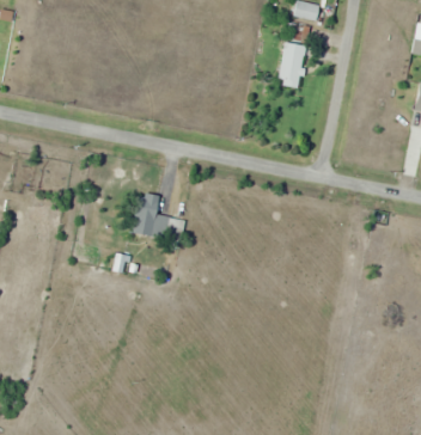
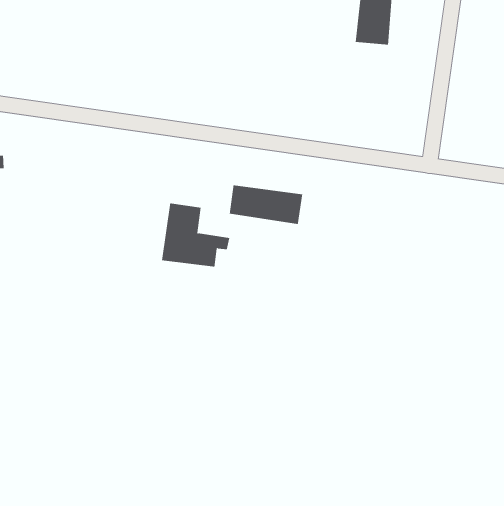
building: none -> [229,185,303,225]

